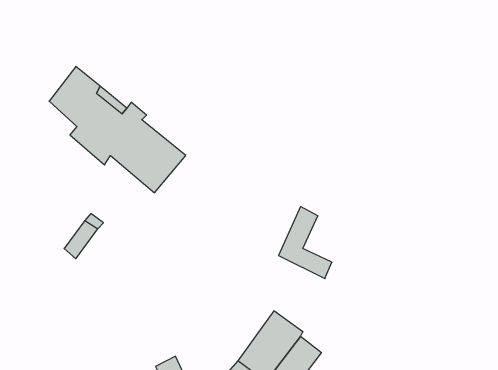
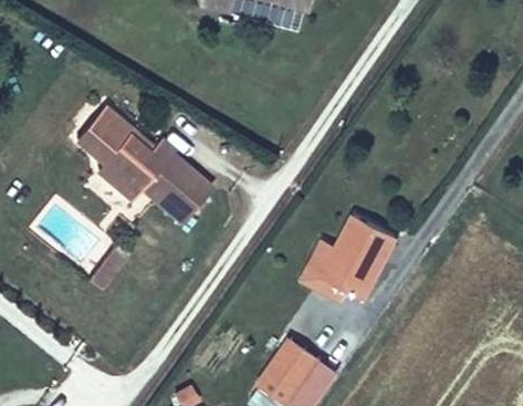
building: none -> [321,212,394,300]

